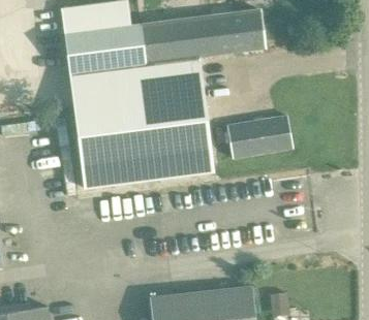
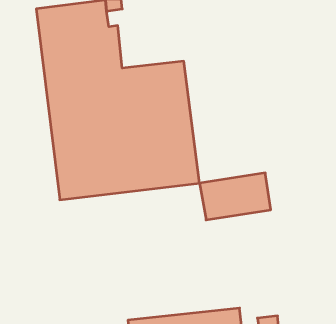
building: [139,9,264,64] -> none
building: [224,116,290,159] -> [199,173,271,220]

